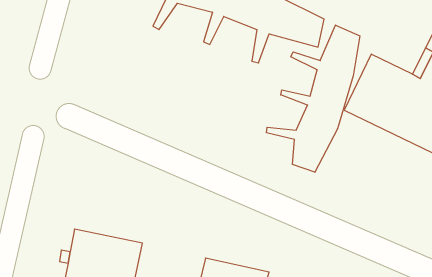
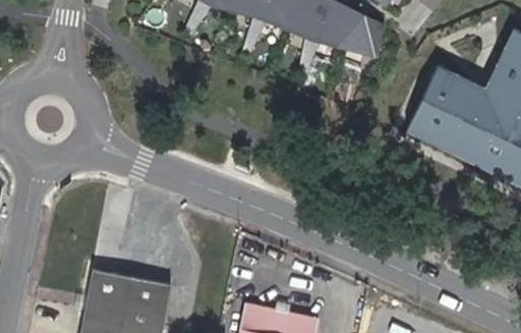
building: [267,25,360,172] -> none

